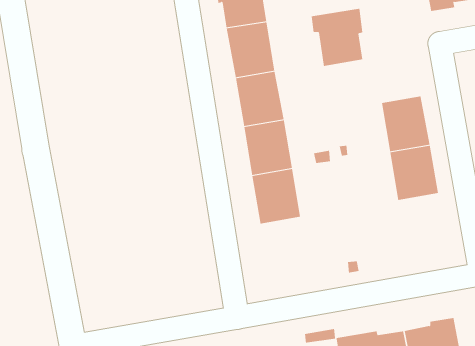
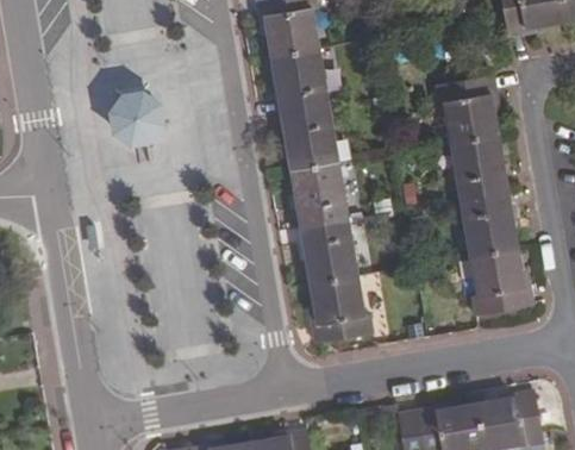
building: [311,8,363,67] -> [436,75,496,143]
building: none -> [110,90,165,146]
building: none -> [469,248,532,315]
building: none -> [310,275,371,344]

